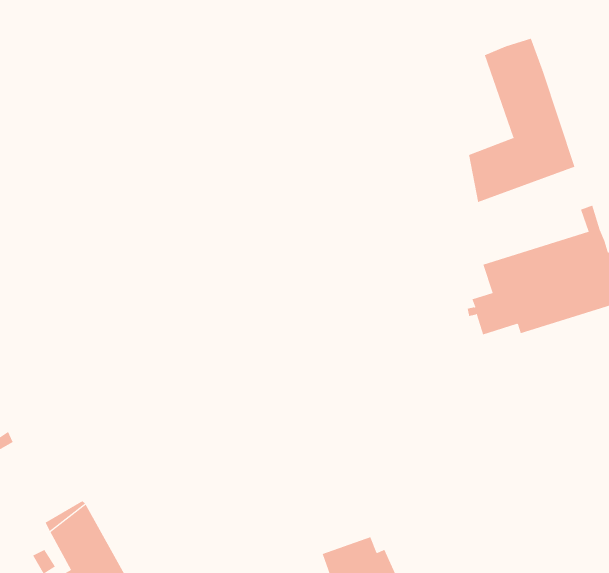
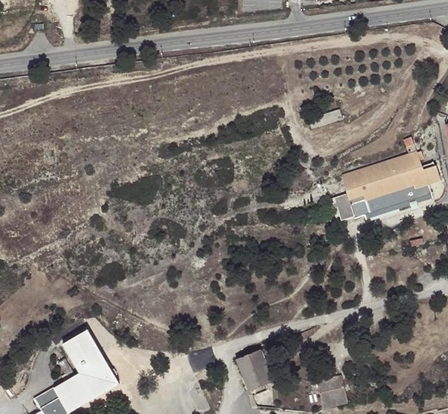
building: [468,38,575,203] -> none

